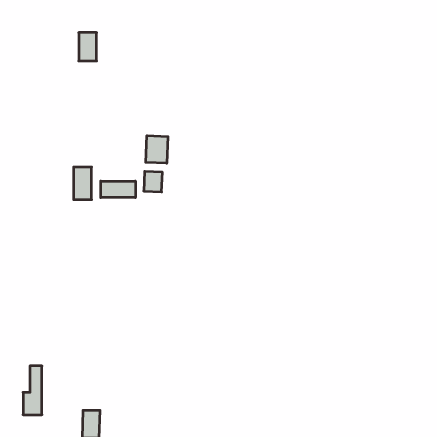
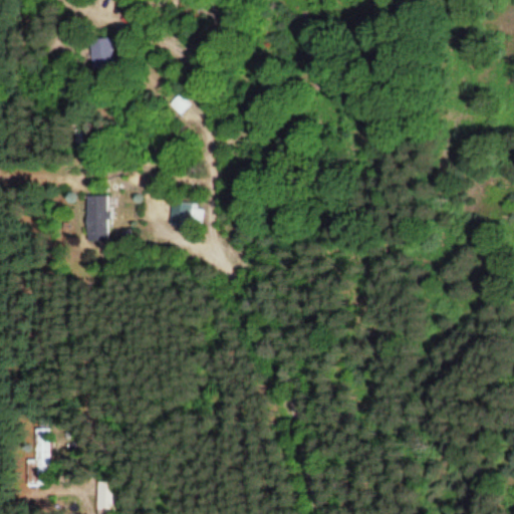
building: [146,136,168,163] -> none
building: [101,181,135,198] -> none

